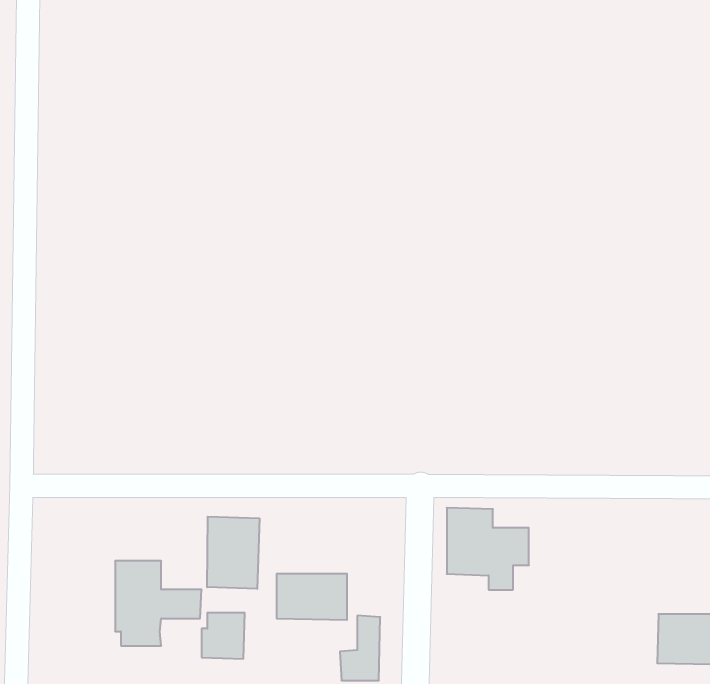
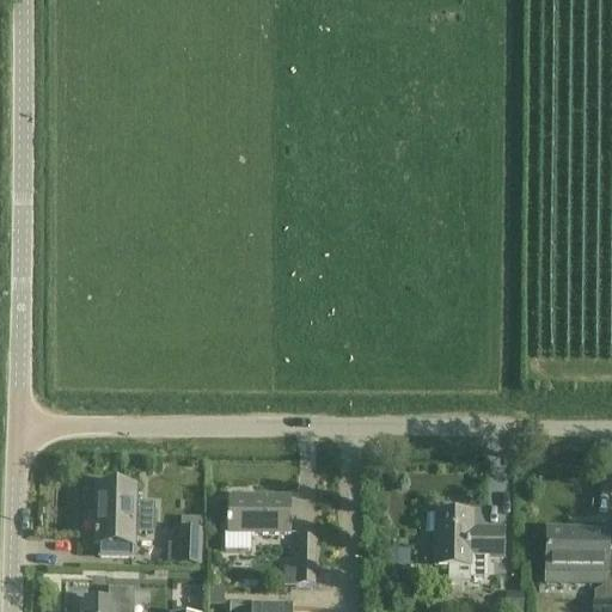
building: [447,508,529,590] -> [434,507,502,575]
building: [207,517,259,589] -> none

